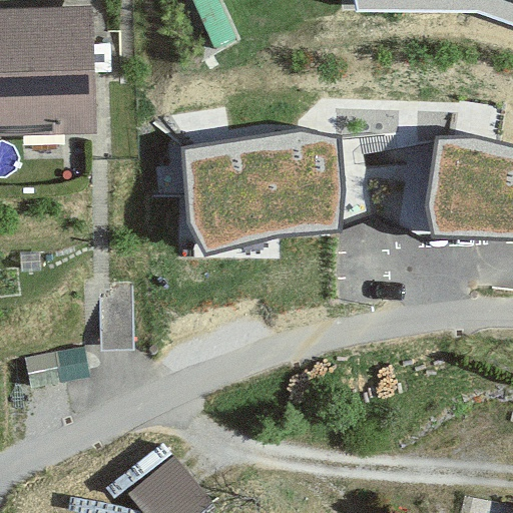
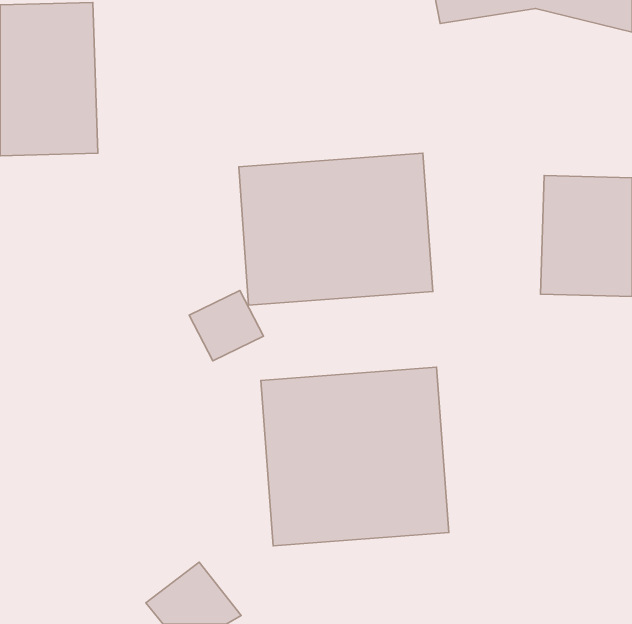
building: none -> [261,367,449,546]

